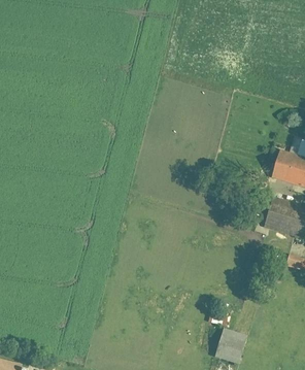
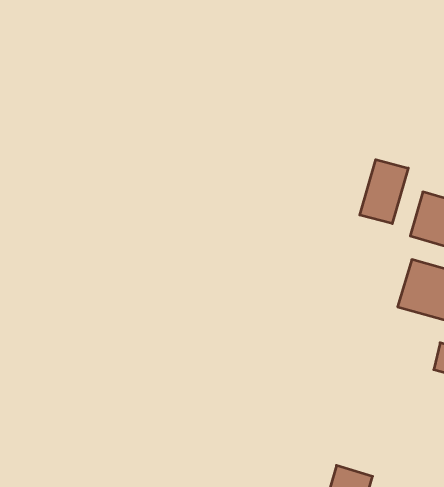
building: none -> [360,160,408,224]

